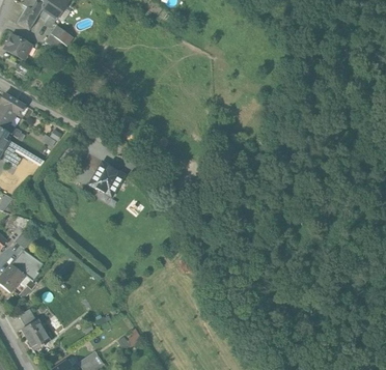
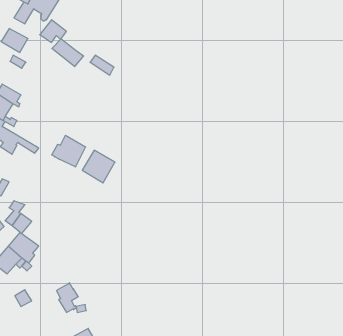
building: none -> [52,39,84,67]
building: none -> [52,135,86,167]
building: [23,318,46,349] -> [57,283,78,312]

